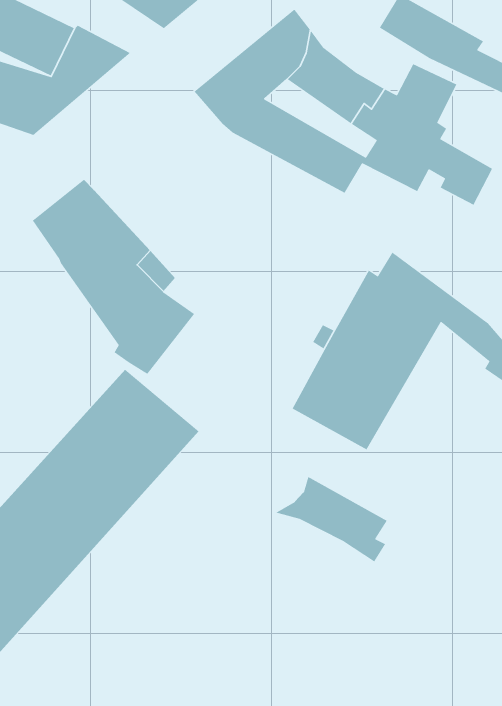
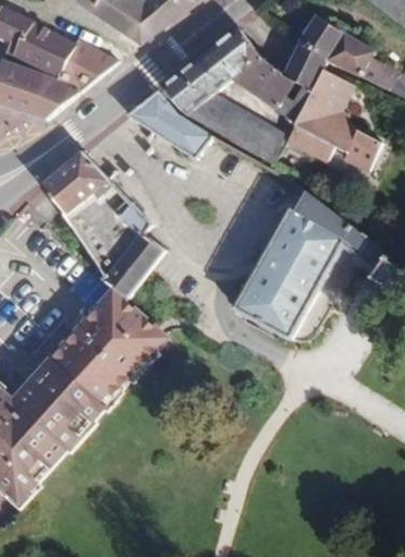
building: none -> [280,48,321,88]
building: none -> [126,89,210,157]
building: [275,476,388,562] -> none

